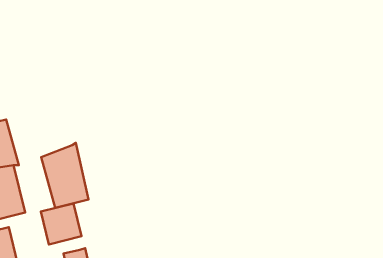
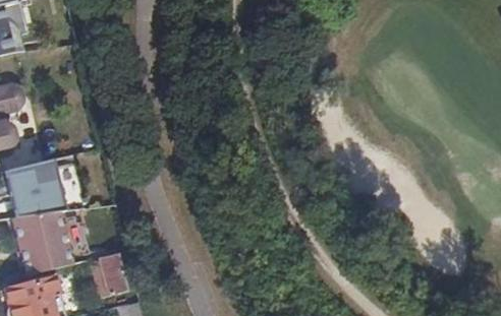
building: [41,143,89,208] -> none

